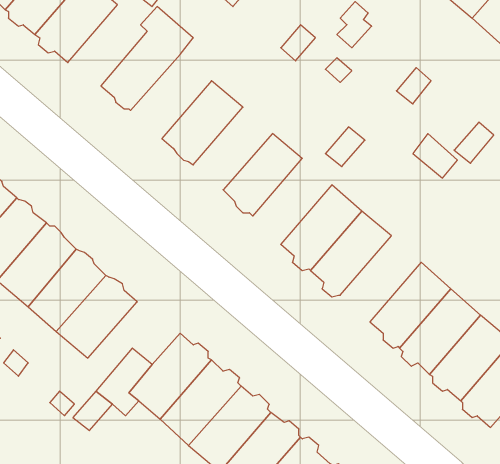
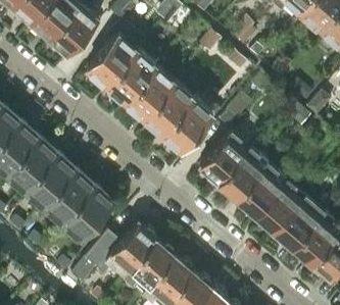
building: none -> [107,49,157,101]
building: none -> [146,82,195,133]
building: none -> [237,161,287,215]

